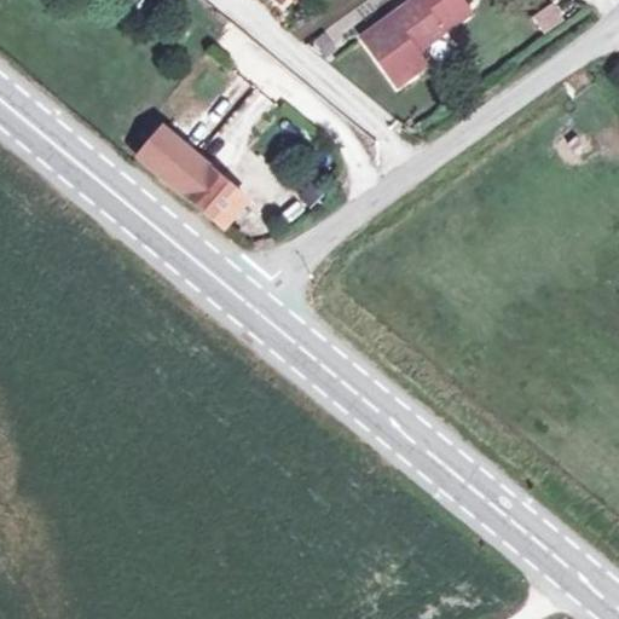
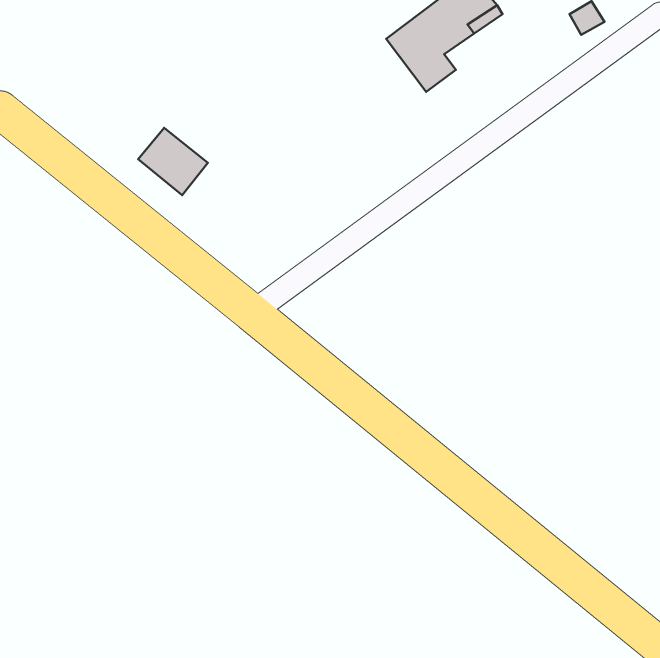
building: [170,152,248,226] -> none

